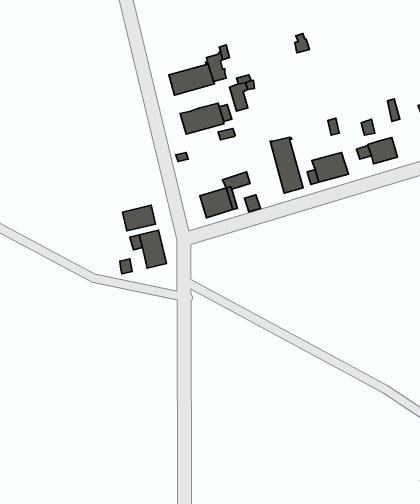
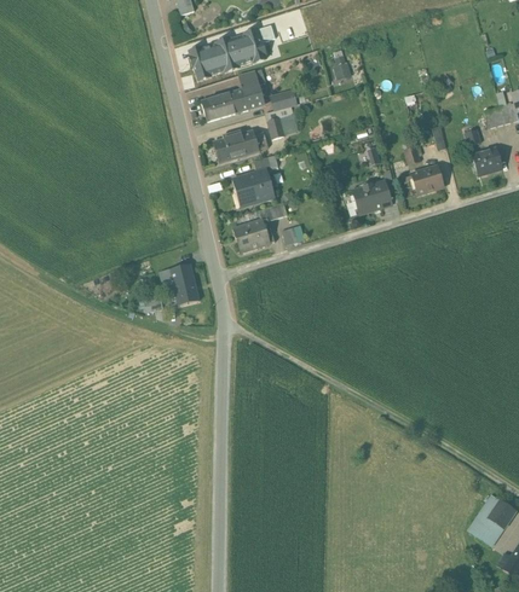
building: none -> [189,29,266,82]
building: [270,137,303,193] -> none
building: none -> [232,168,273,204]
building: [123,205,156,231] -> none

